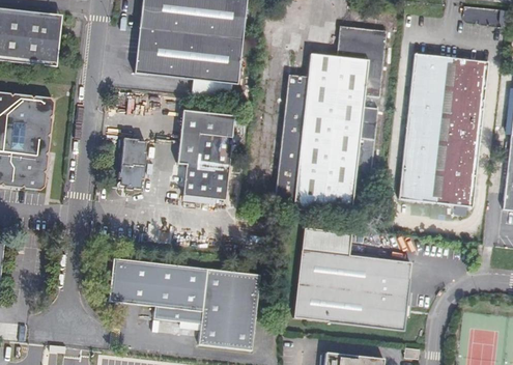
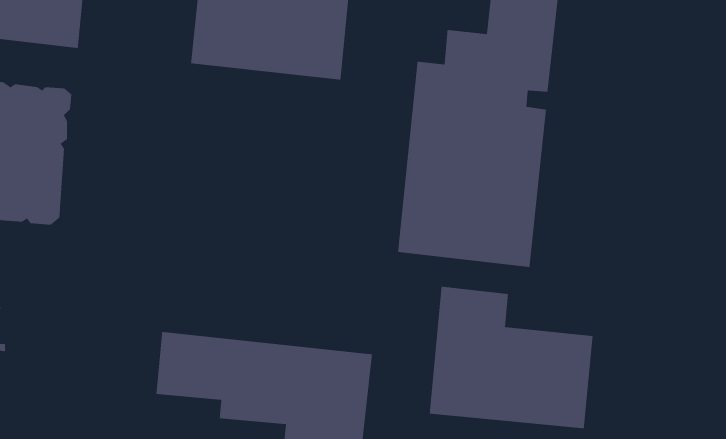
building: [398,52,488,205] -> none
building: [178,111,233,198] -> none
building: [118,138,146,189] -> none

